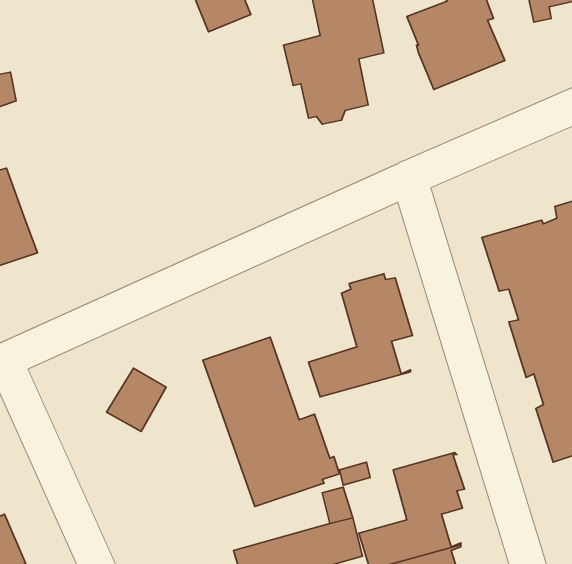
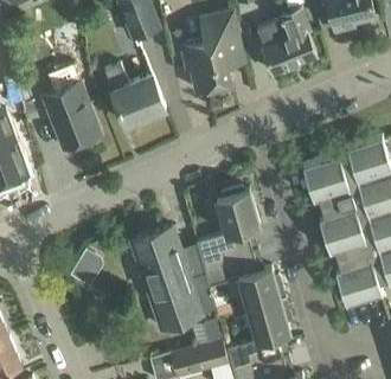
building: none -> [103,65,165,126]
building: none -> [41,82,101,150]
building: none -> [203,249,286,309]

